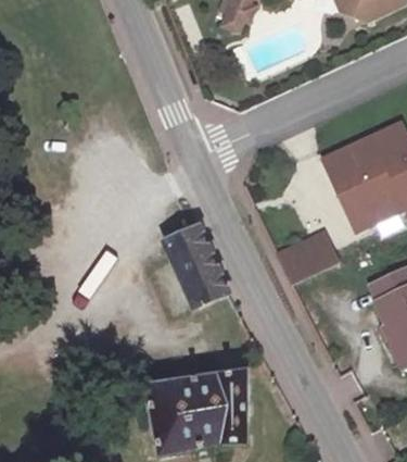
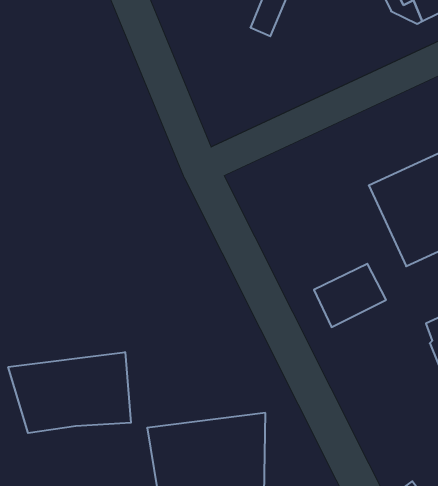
building: [150,217,211,298] -> none
building: none -> [8,352,131,433]

